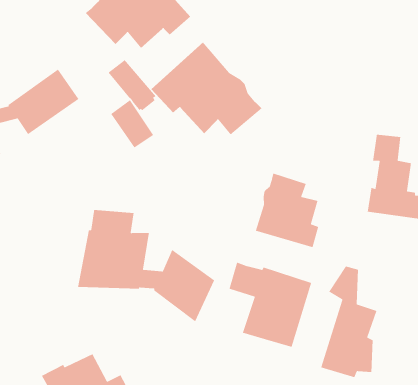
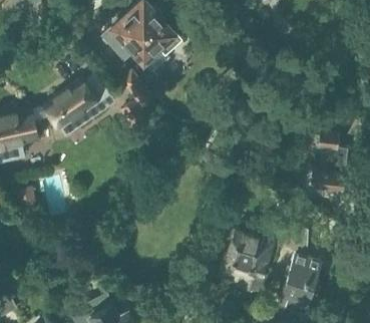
building: [150,42,263,135] -> none
building: [255,173,319,248] -> none
building: [77,209,215,322] -> none

